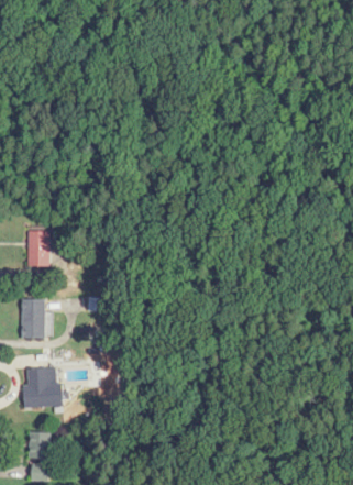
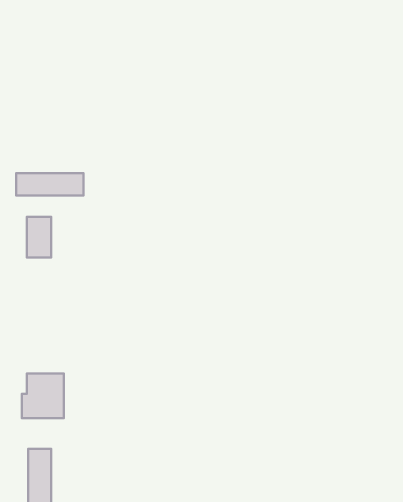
building: none -> [16,173,83,195]
building: [21,300,43,338] -> none

